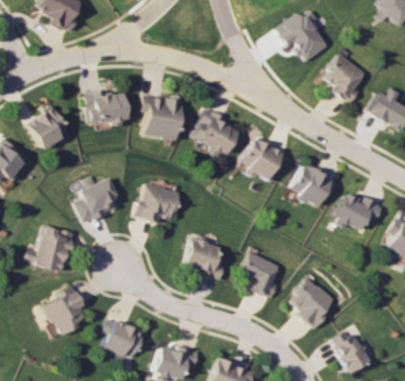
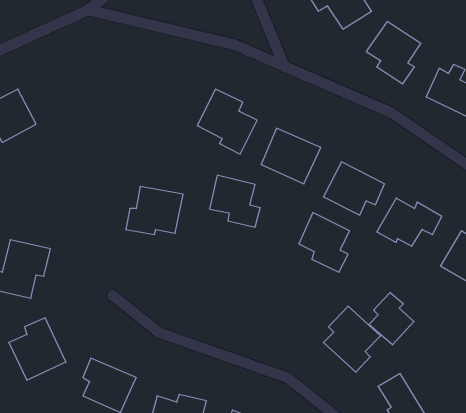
building: [85,90,126,126] -> none
building: [142,94,183,140] -> none
building: [77,177,123,223] -> none
building: [185,239,225,280] -> [210,175,260,227]
building: [242,251,281,298] -> [299,213,349,272]
building: none -> [369,292,414,345]

